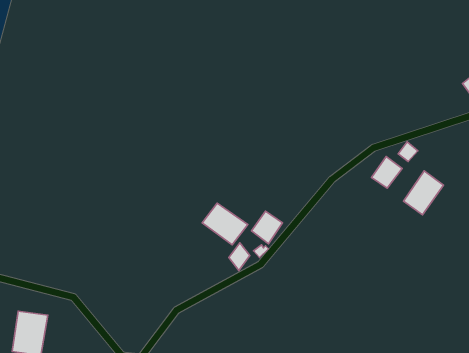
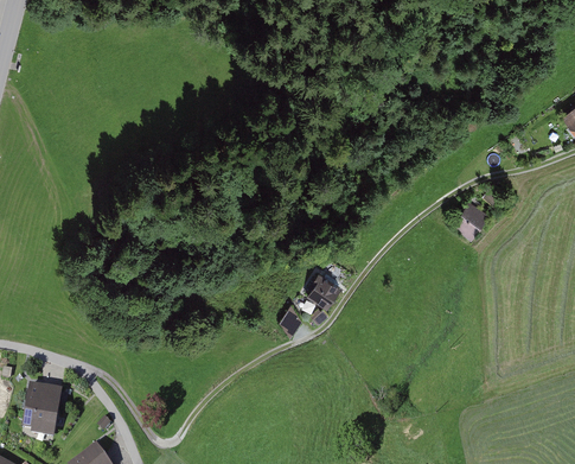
building: [403,171,444,215] -> none
building: [202,203,248,245] -> none

